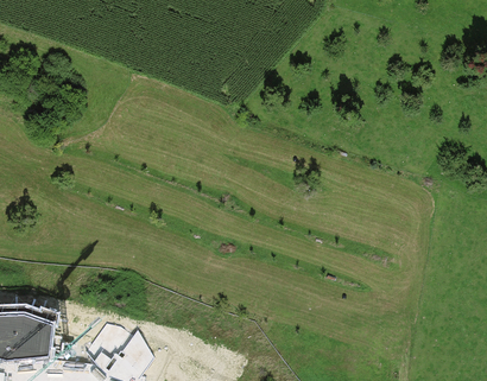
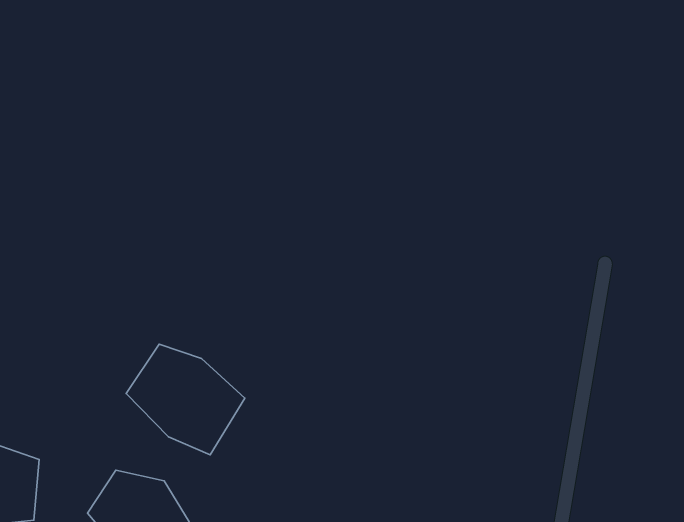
building: none -> [126,344,245,455]

